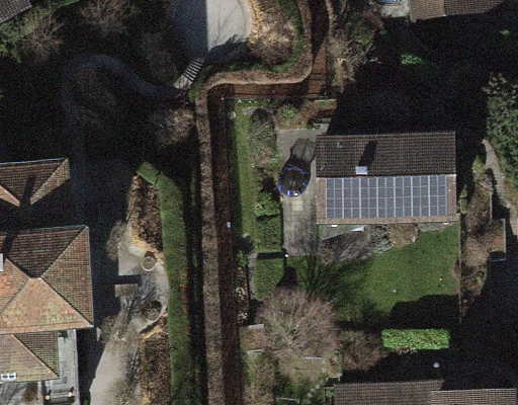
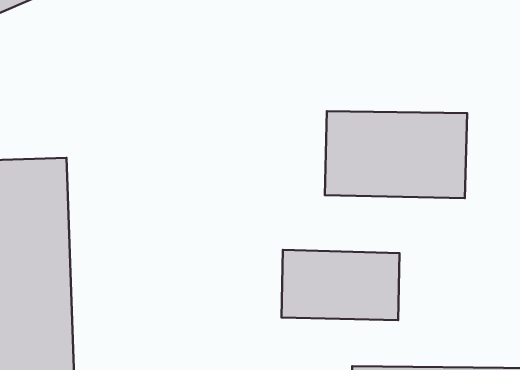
building: none -> [281,250,399,320]

